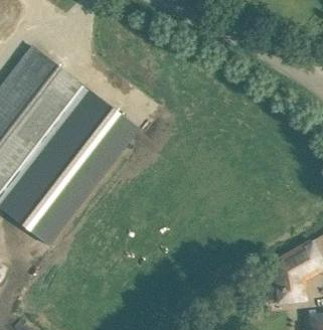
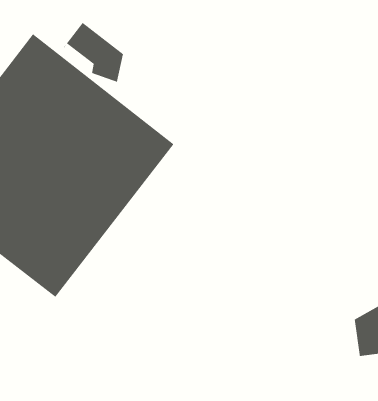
building: none -> [62,22,124,83]

